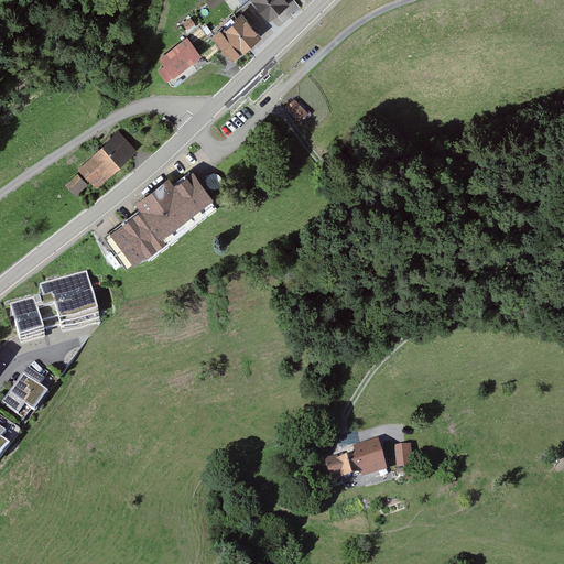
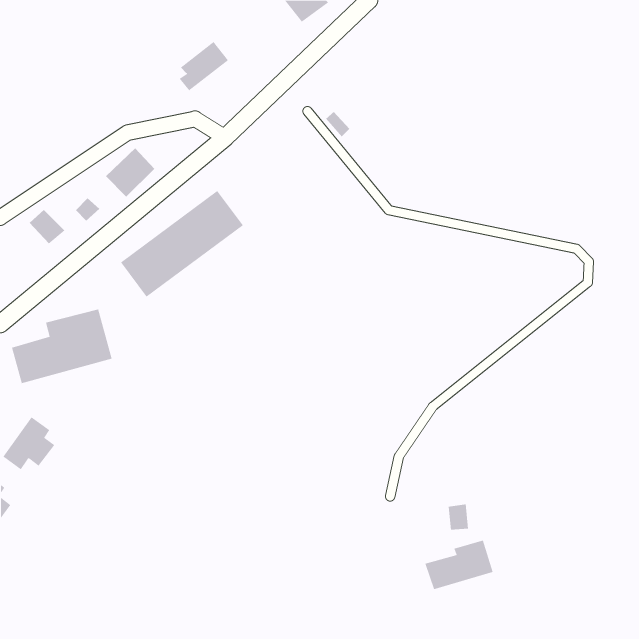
building: [214,13,260,57] -> none
building: [79,155,111,186] -> [29,209,65,244]
building: [325,441,386,485] -> [425,540,493,590]

